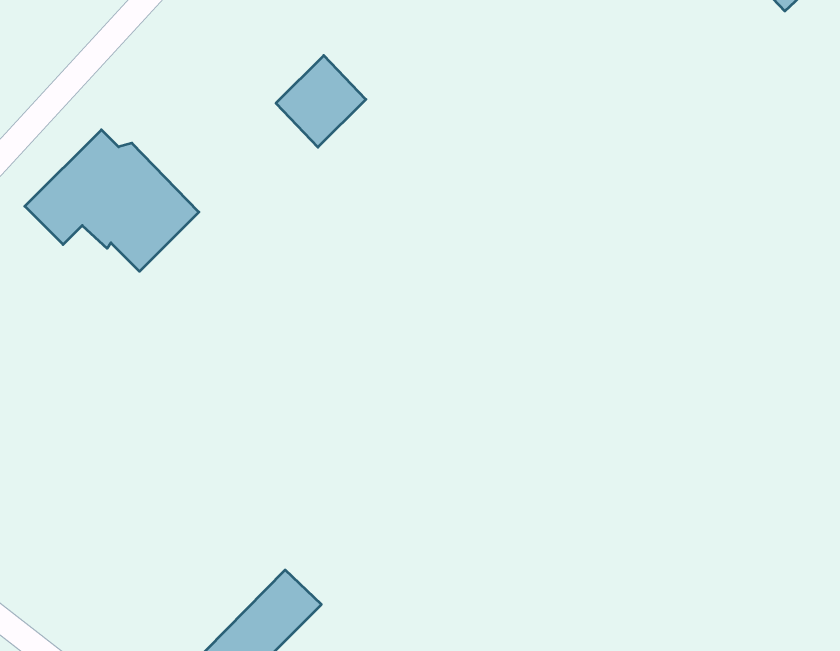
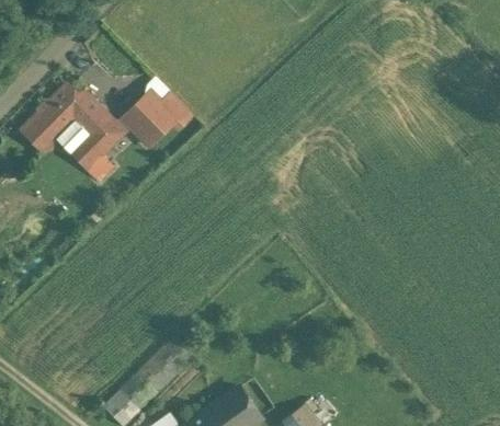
building: [276,55,366,147] -> [123,92,174,145]

